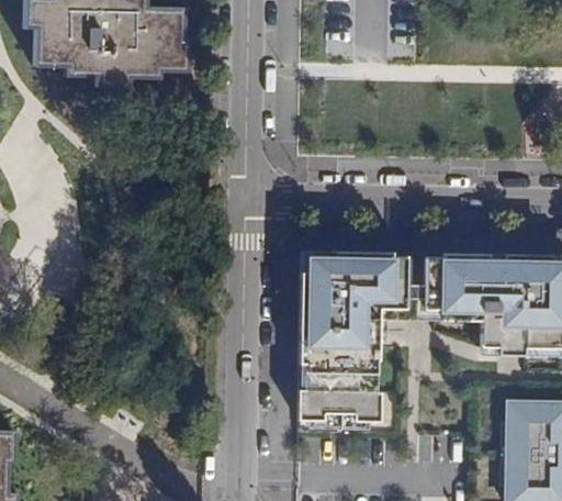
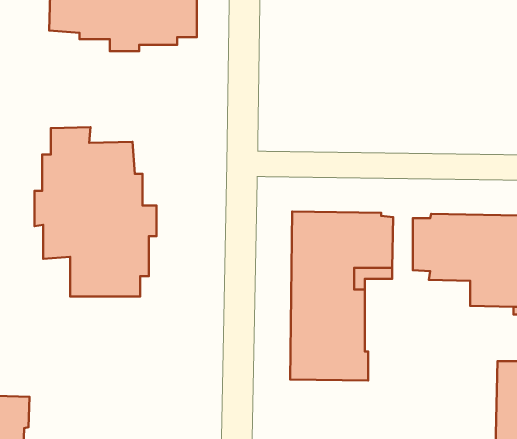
building: none -> [34,127,157,297]

